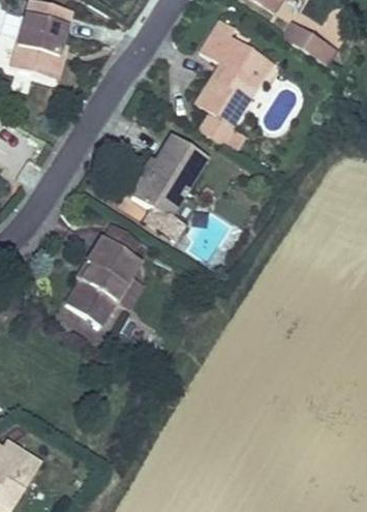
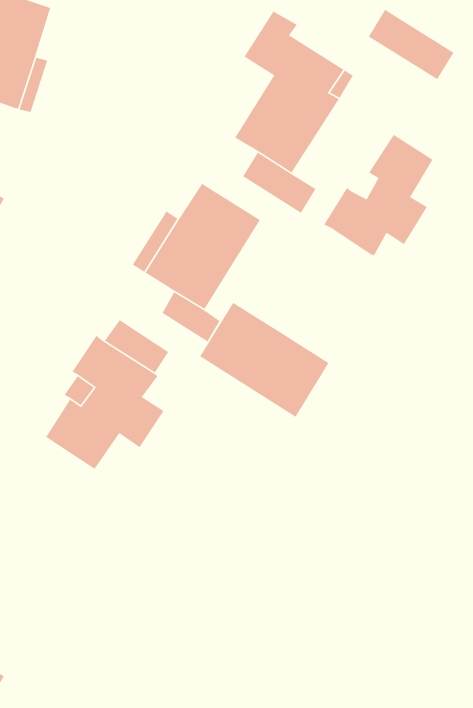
building: none -> [323,134,434,256]
building: none -> [199,302,329,418]

